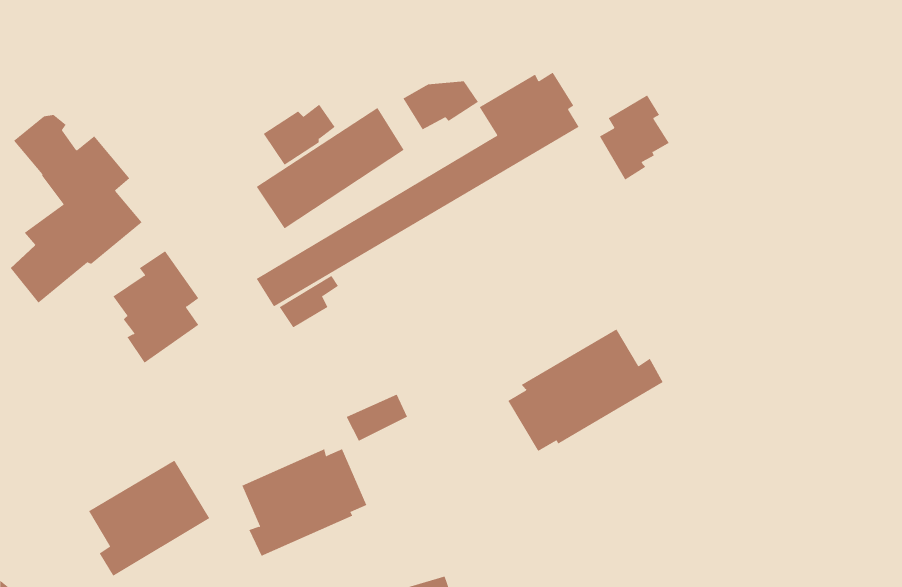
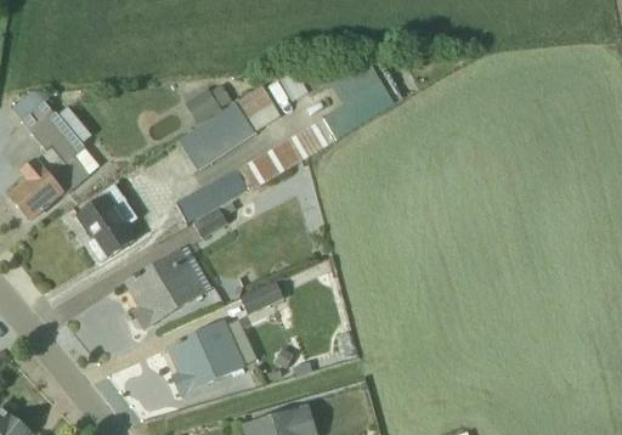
building: [599,95,669,180] -> none
building: [507,329,664,452] -> none
building: [88,460,210,576] -> [125,248,209,328]

